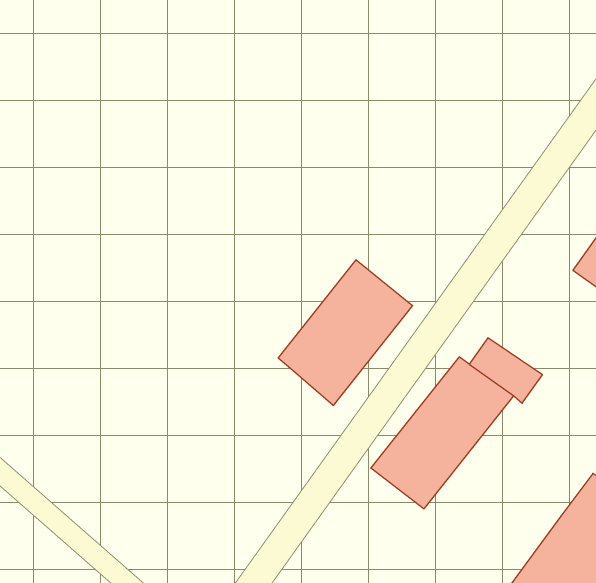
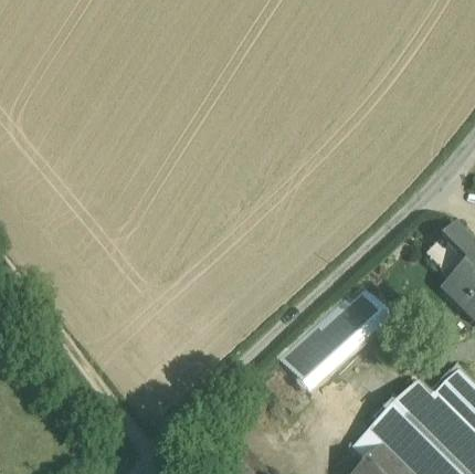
building: [278,260,413,406] -> none

